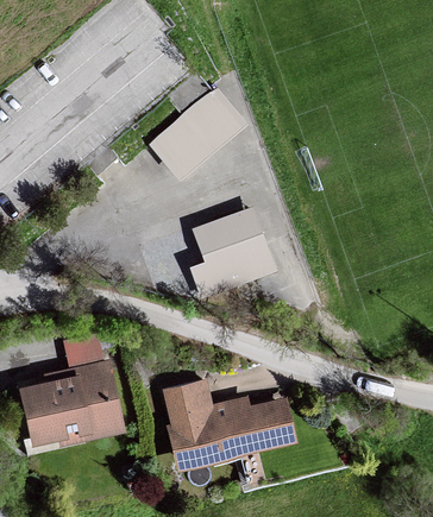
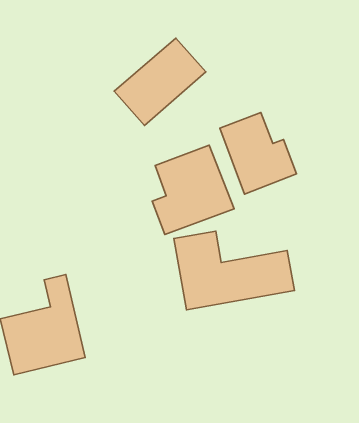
building: none -> [220,113,297,194]
building: [162,380,295,467] -> [174,231,295,310]

